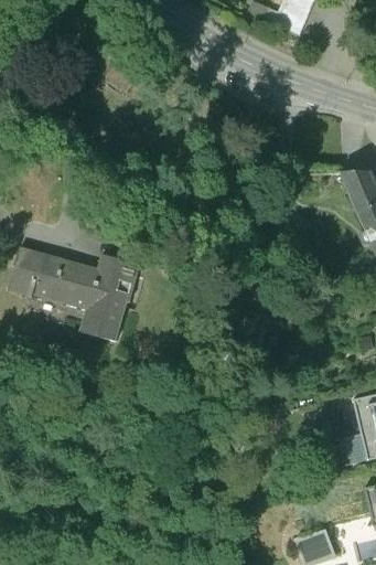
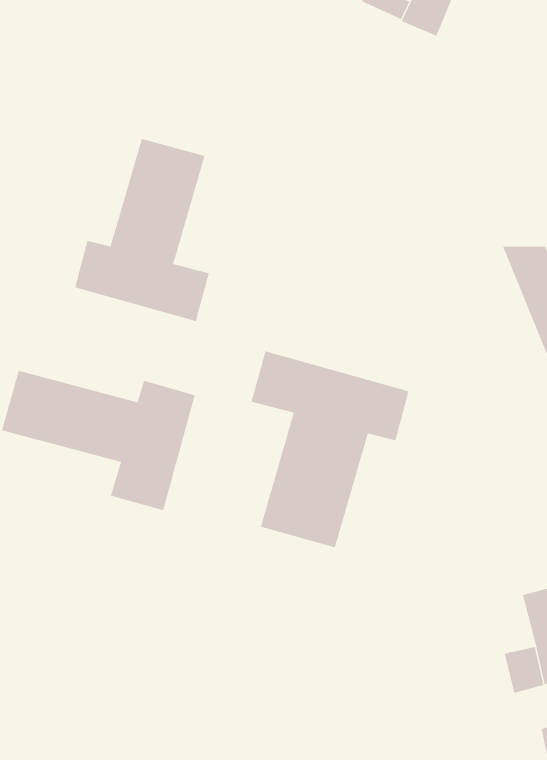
building: none -> [74,138,210,322]
building: none -> [251,351,409,548]

